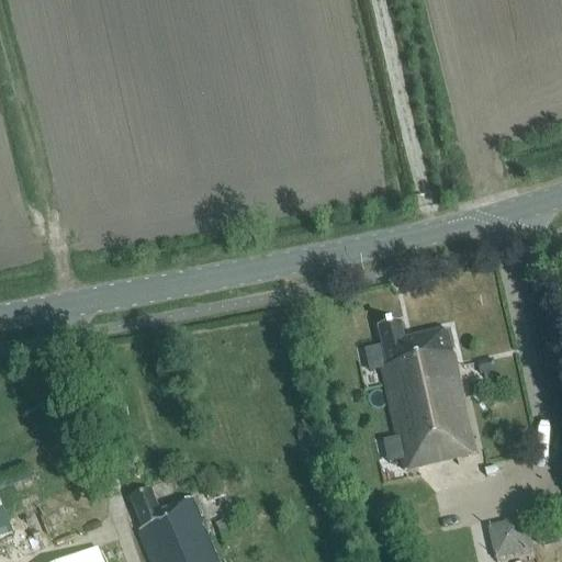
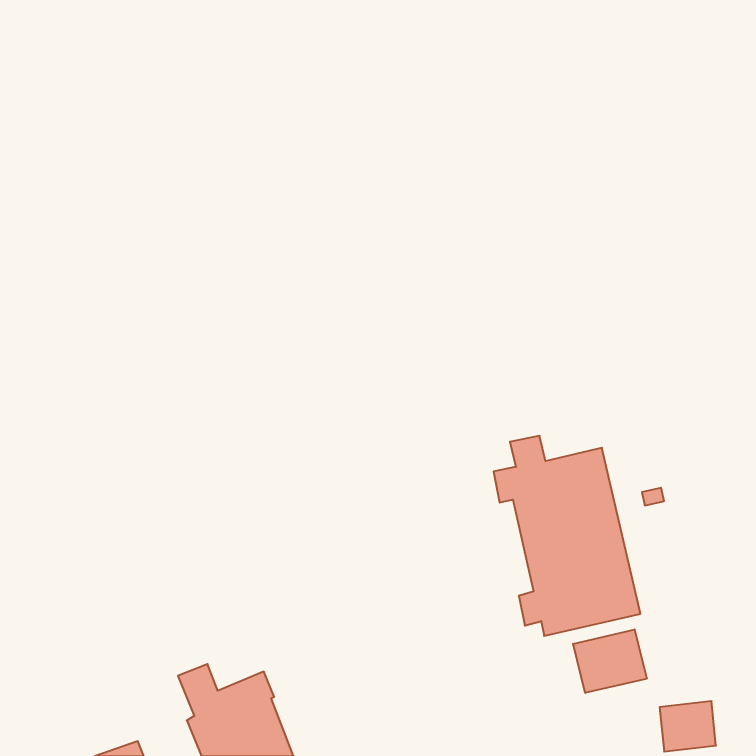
building: none -> [573,629,647,693]

